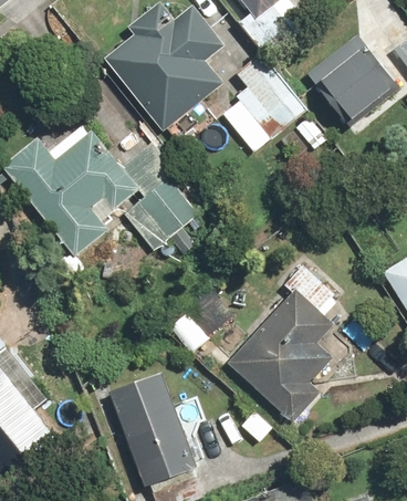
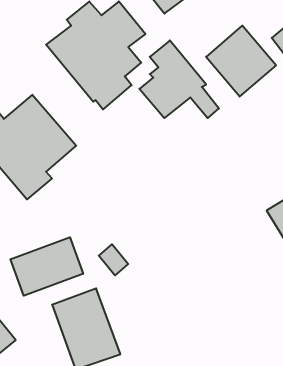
building: [121,175,198,251] -> none
building: [227,263,333,420] -> none
building: none -> [11,237,83,296]

